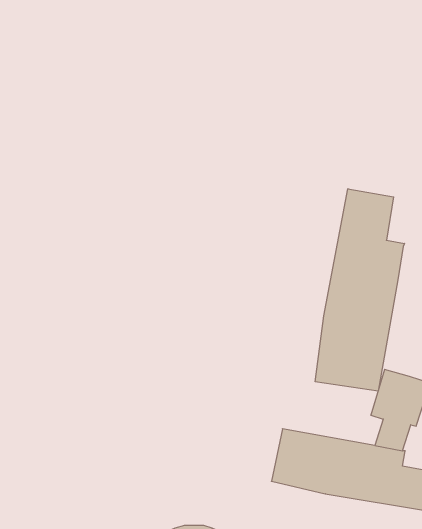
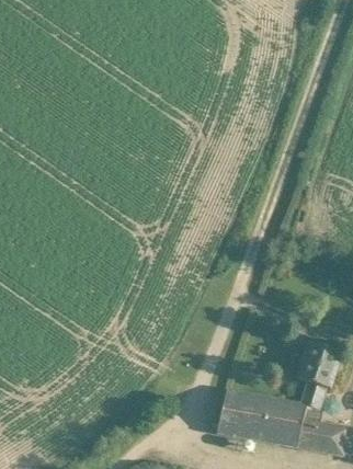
building: [315,189,404,391] -> none

